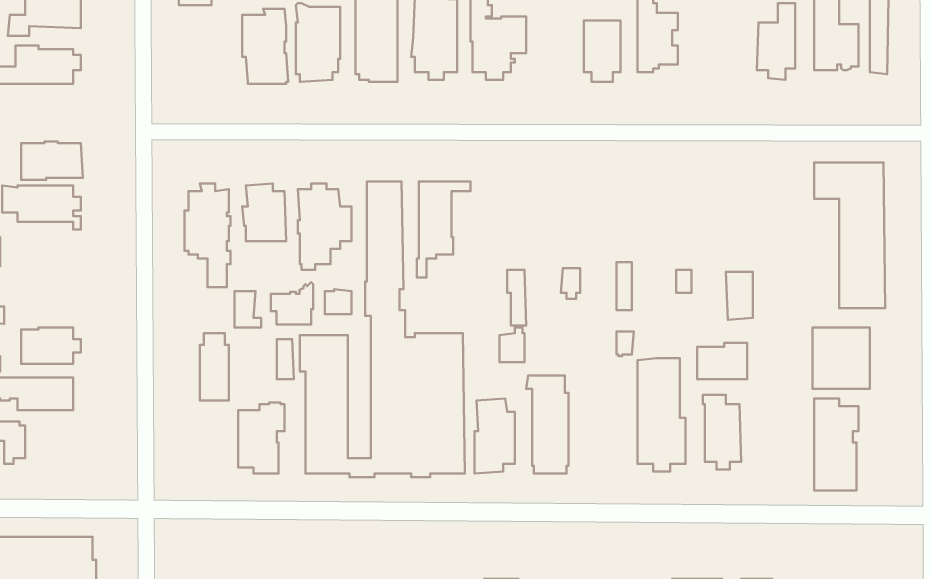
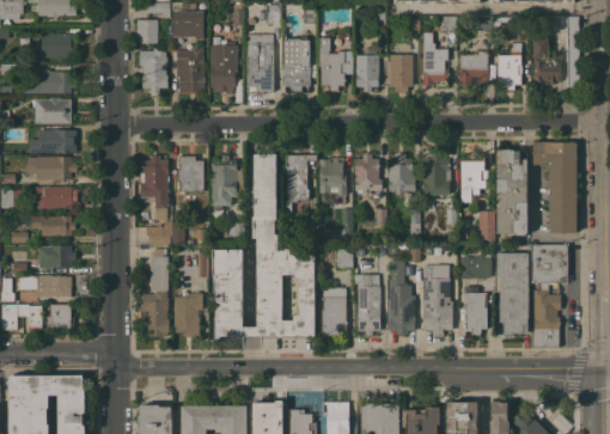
building: none -> [140,48,169,93]
building: none -> [356,48,379,92]
building: none -> [459,50,488,85]
building: none -> [32,98,72,123]
building: none -> [496,149,529,236]
building: none -> [355,153,383,200]
building: none -> [389,153,416,194]
building: none -> [423,153,451,195]
building: none -> [460,157,488,202]
building: none -> [321,158,347,195]
building: none -> [36,185,78,208]
building: none -> [31,216,75,236]
building: [271,282,313,325] -> [146,219,172,245]
building: none -> [496,253,529,336]
building: none -> [390,261,415,335]
building: none -> [141,292,170,336]
building: none -> [47,304,74,330]

